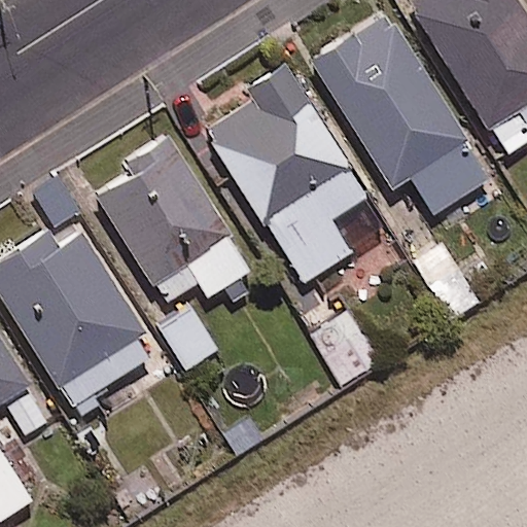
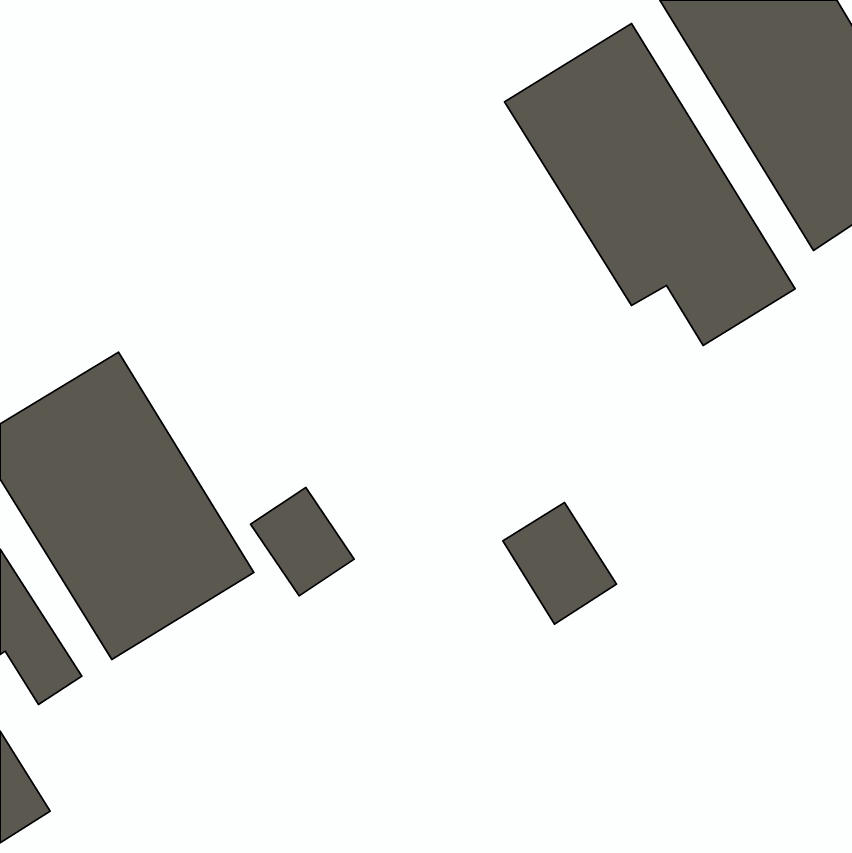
building: [206,65,366,284] -> none
building: [98,138,250,304] -> none

